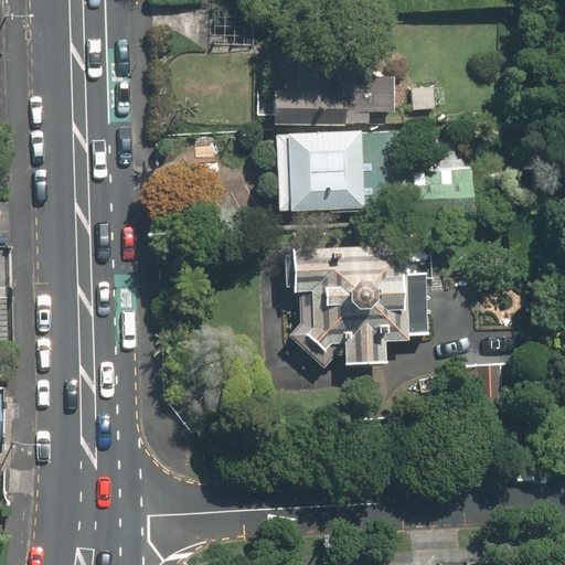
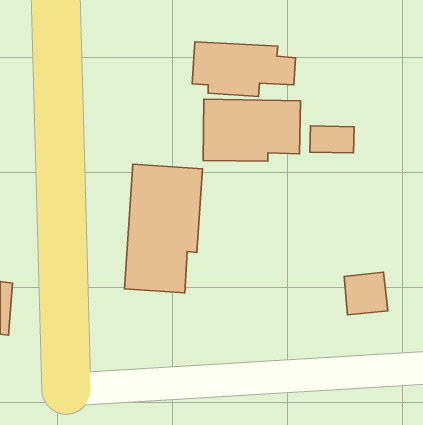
building: none -> [125,164,202,293]
building: [285,249,429,372] -> none

